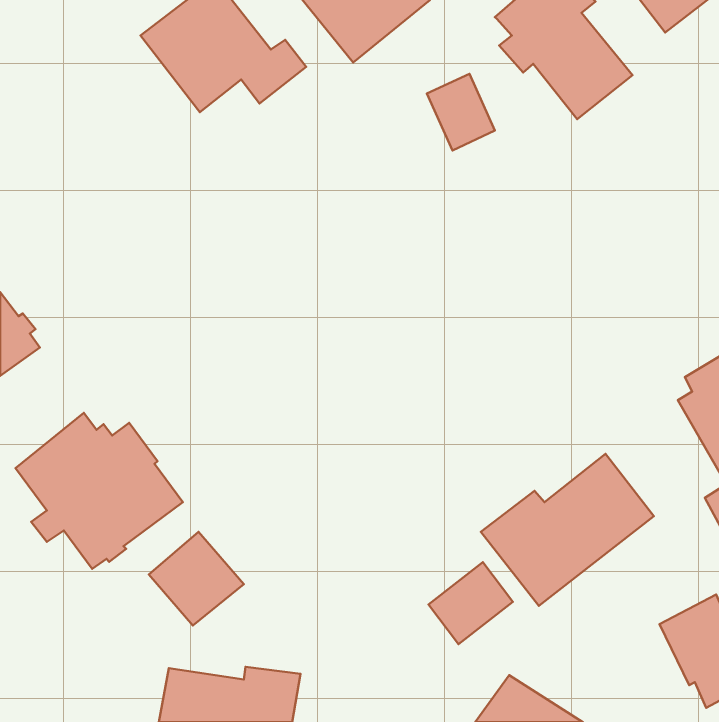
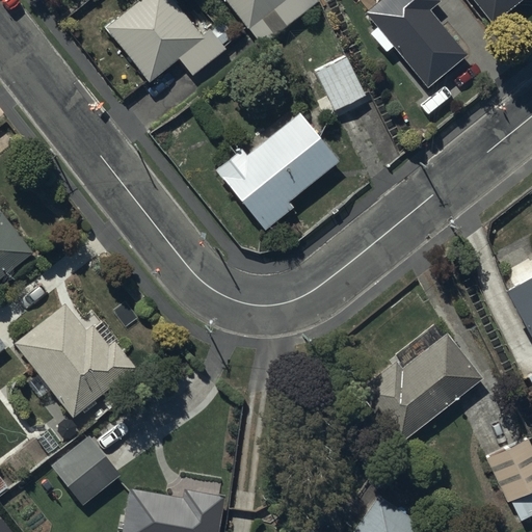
building: none -> [213,110,343,234]
building: [149,532,244,625] -> [52,435,122,504]
building: [428,562,513,644] -> none

